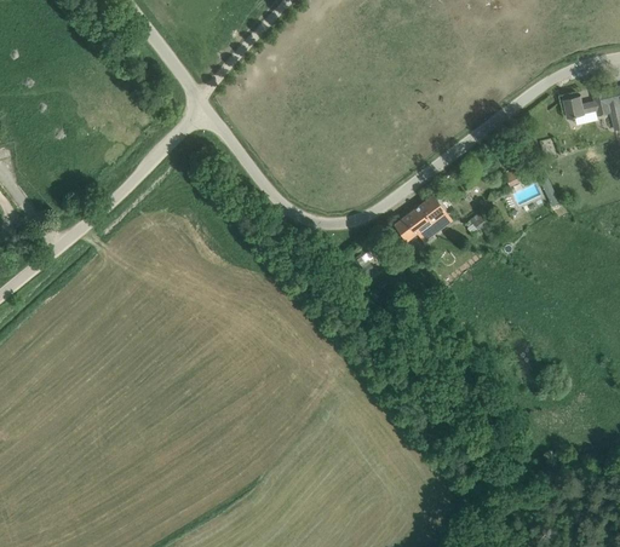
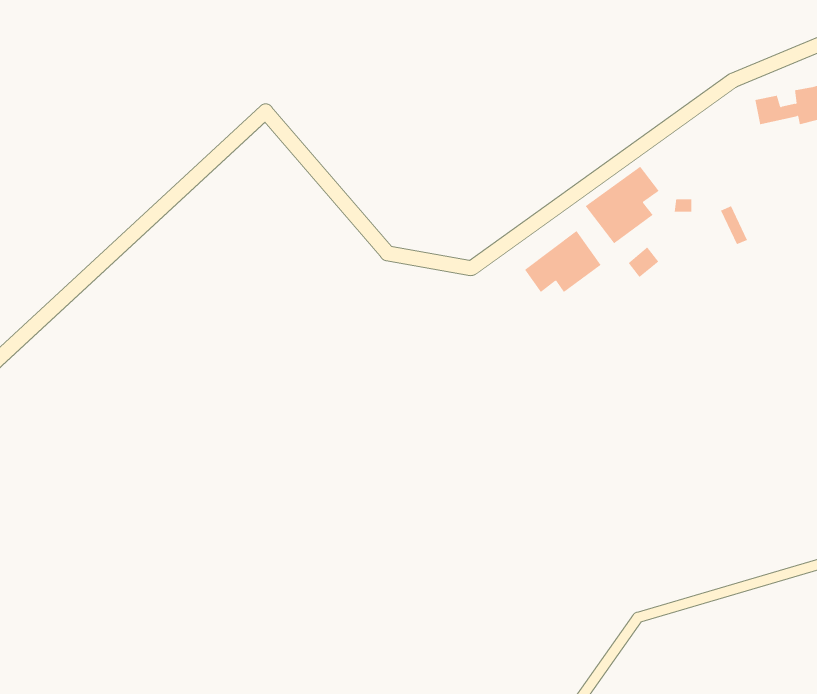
building: none -> [585,166,660,244]

